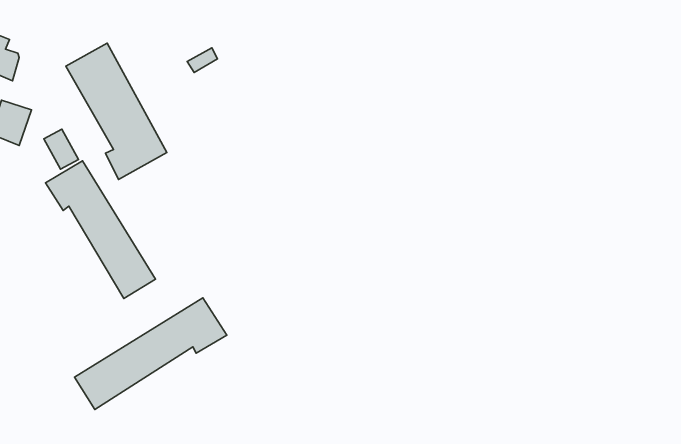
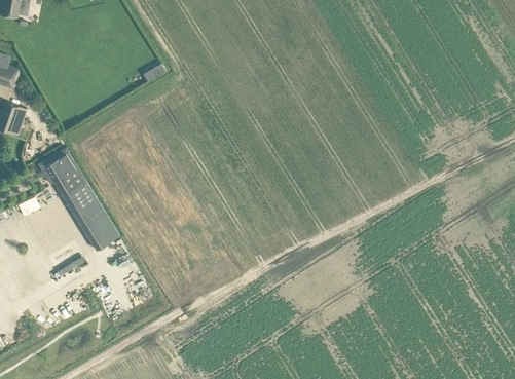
building: [66,43,167,180] -> none
building: [75,298,227,409] -> none

